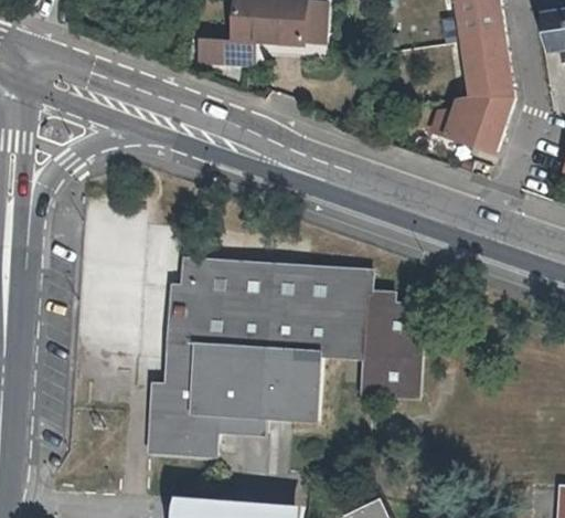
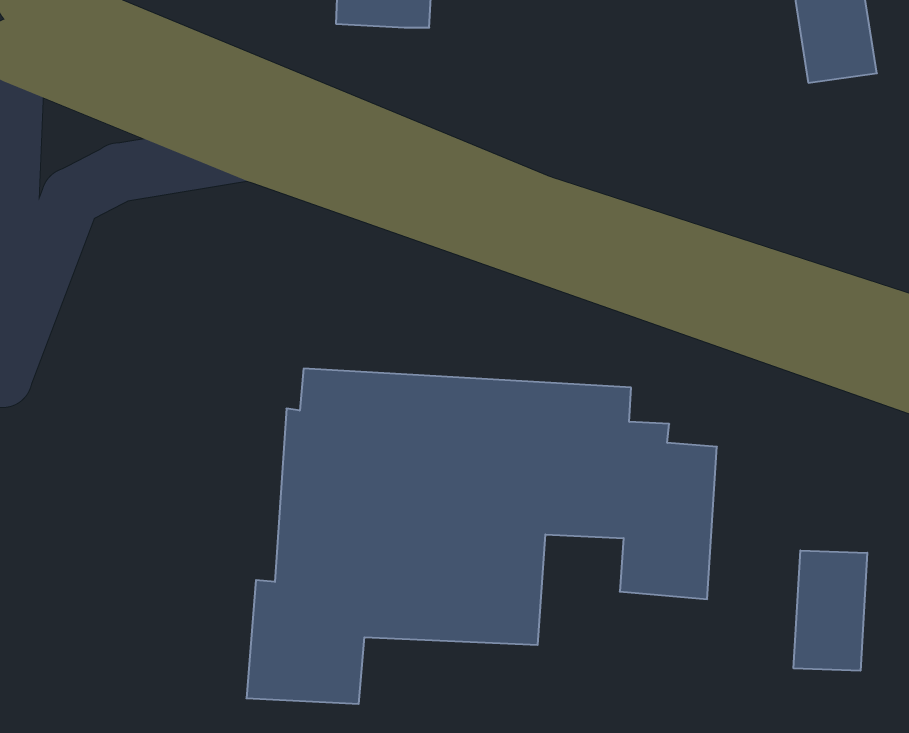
building: [445,92,512,155] -> none
building: none -> [794,550,867,671]

